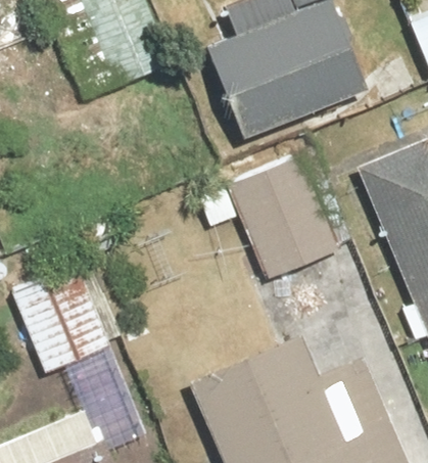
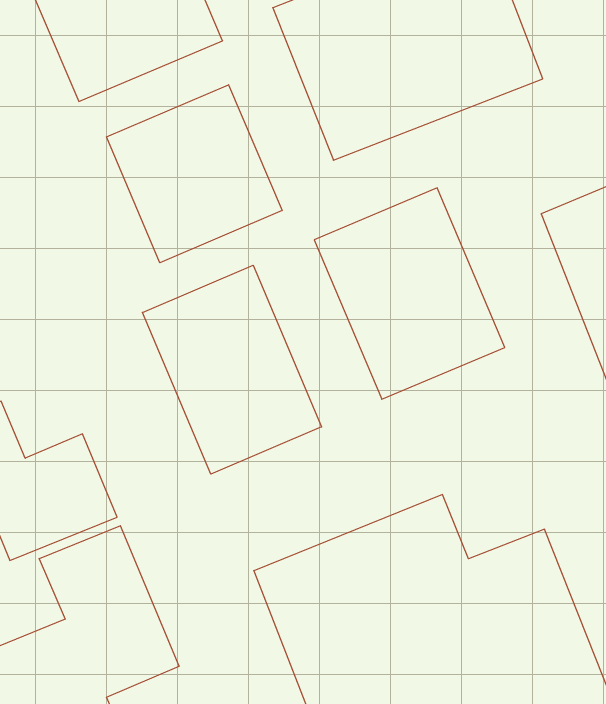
building: none -> [106,85,282,263]
building: none -> [142,265,322,474]

